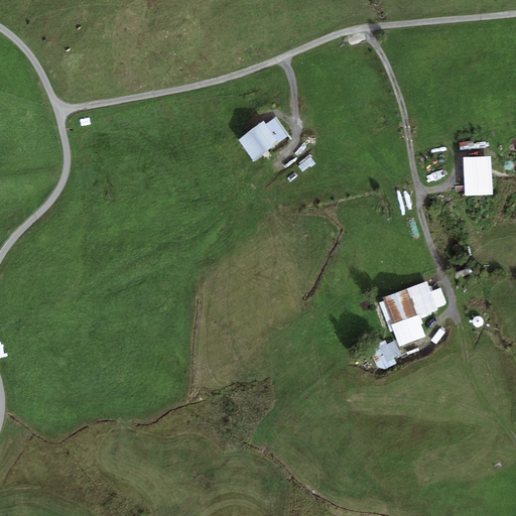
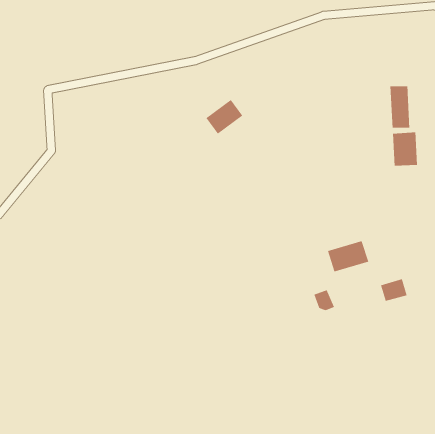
building: none -> [390,86,410,129]
building: [394,316,426,344] -> [380,278,408,301]

